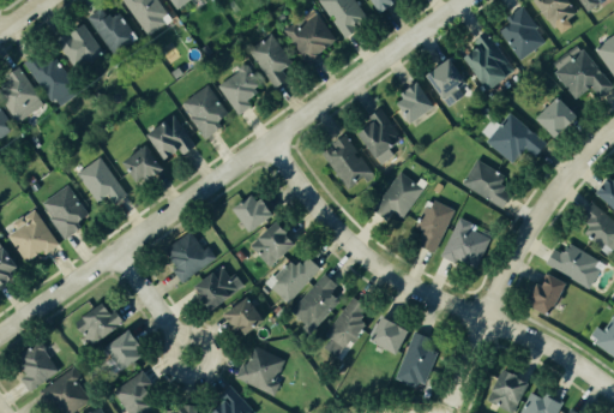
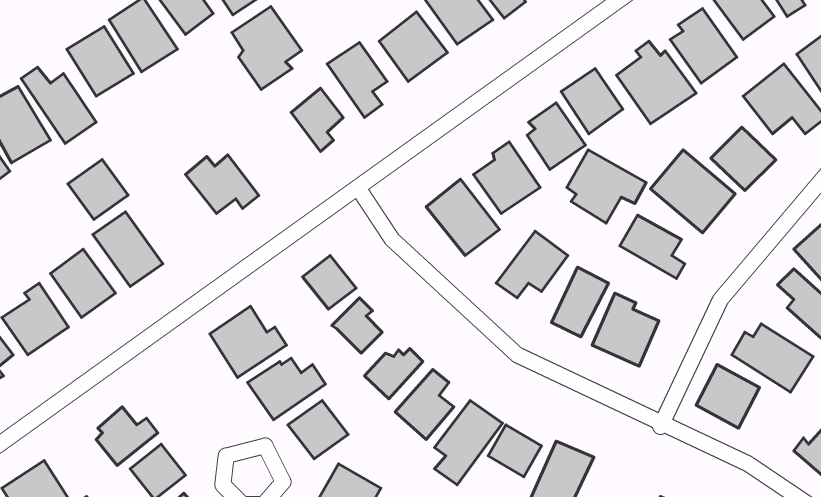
building: [183,83,235,144] -> [232,7,302,90]
building: none -> [567,150,646,223]
building: [119,143,163,187] -> [68,159,128,220]

